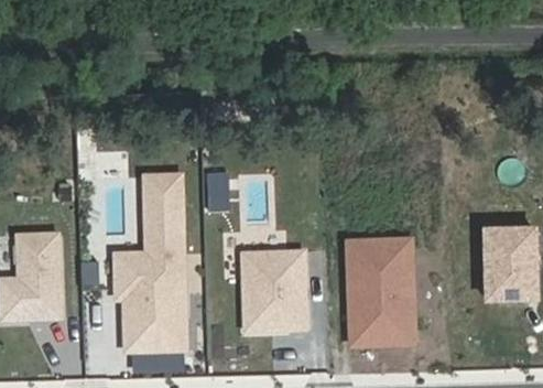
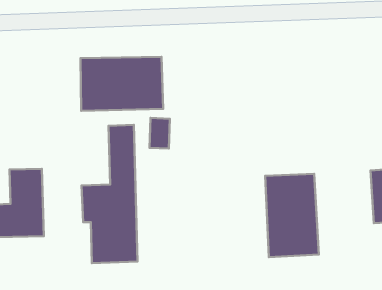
building: none -> [80,57,163,111]
building: [243,250,307,330] -> none

